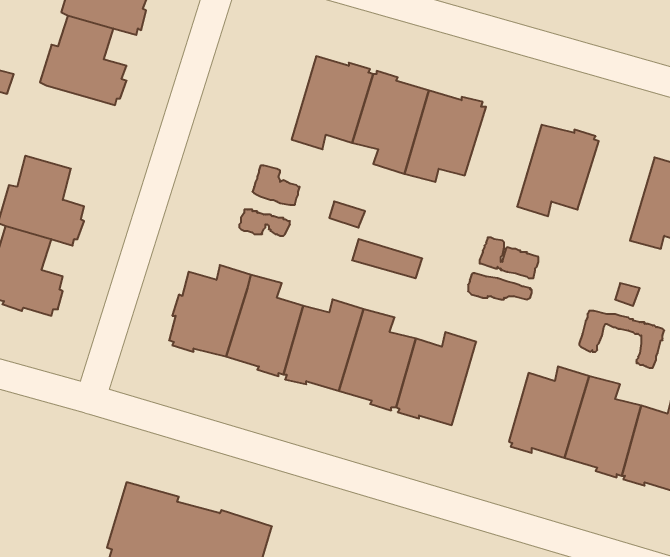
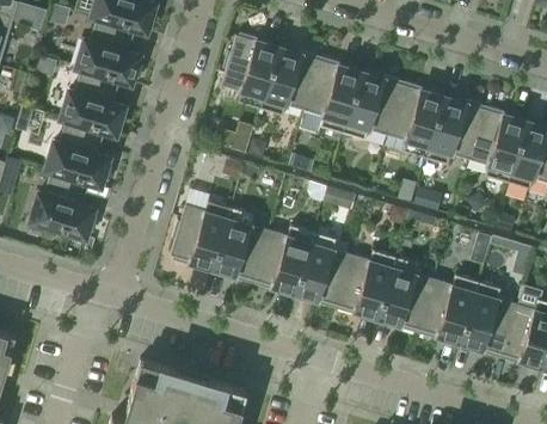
building: none -> [221,35,278,109]
building: none -> [61,69,124,135]
building: none -> [387,84,443,158]
building: none -> [469,107,526,183]
building: none -> [377,257,434,331]

